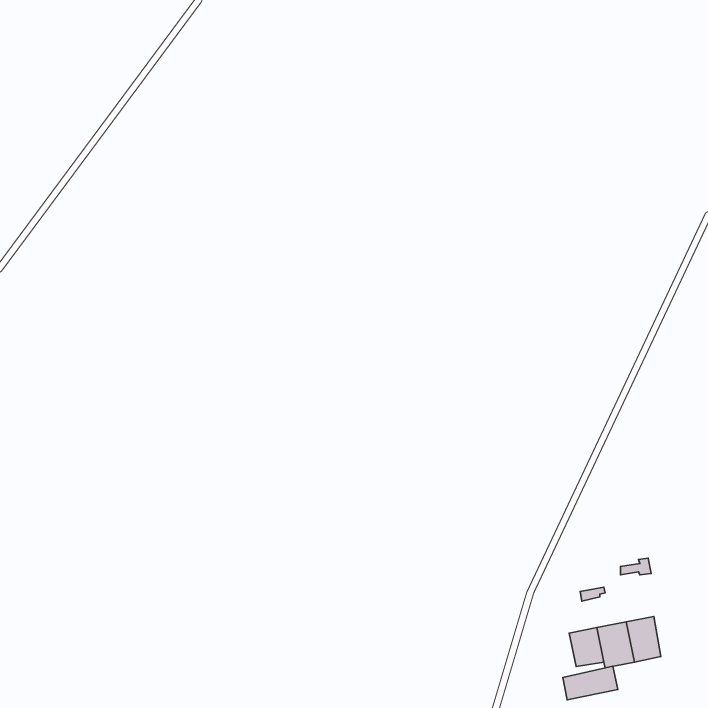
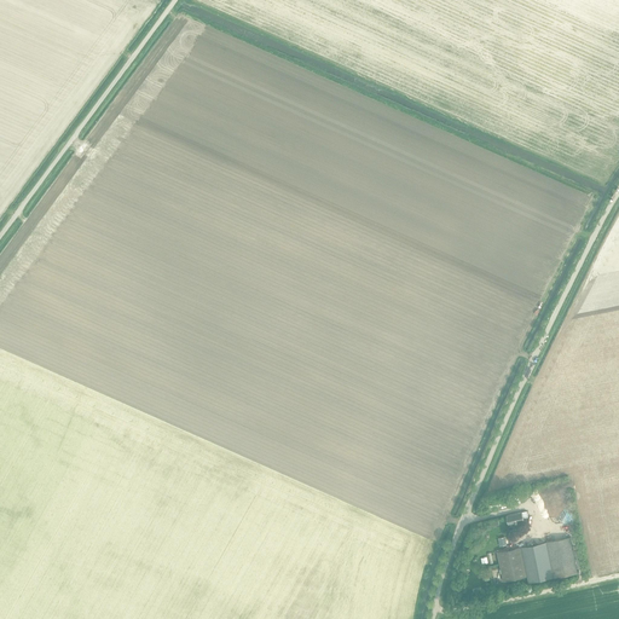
building: [563,666,618,700] -> none

